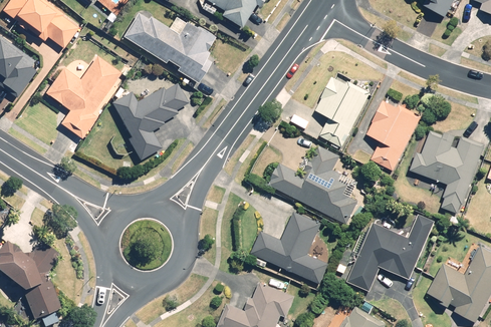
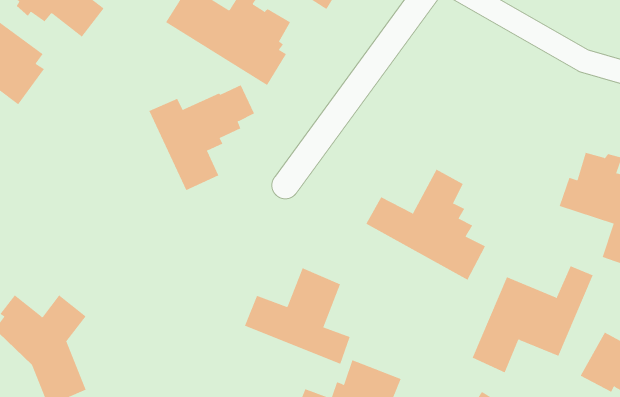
building: [45,53,121,138] -> none
building: [315,76,369,146] -> none
building: [364,99,421,169] -> none
building: [251,211,328,281] -> [244,268,351,364]

